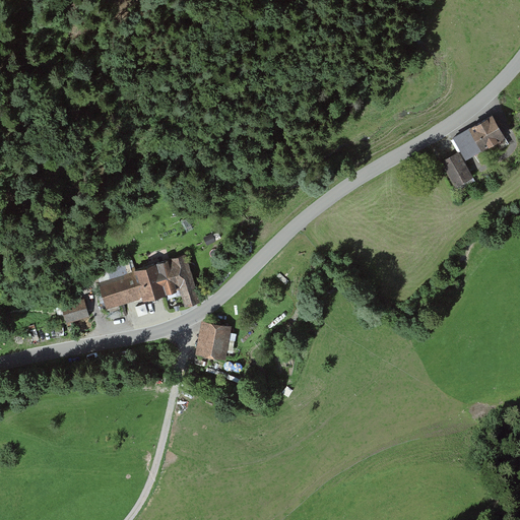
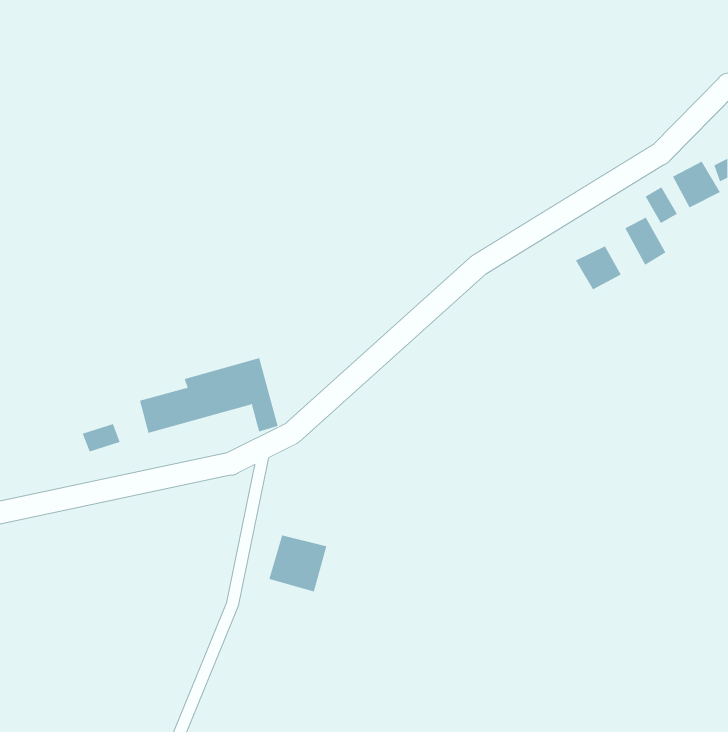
building: none -> [575,246,622,290]
building: [194,321,236,362] -> [268,535,327,592]

